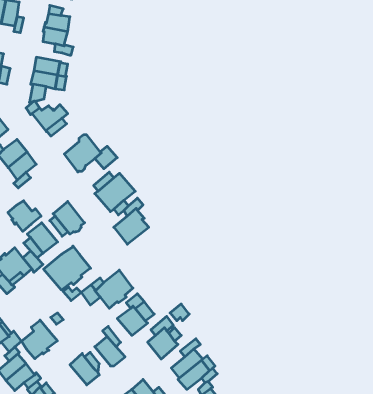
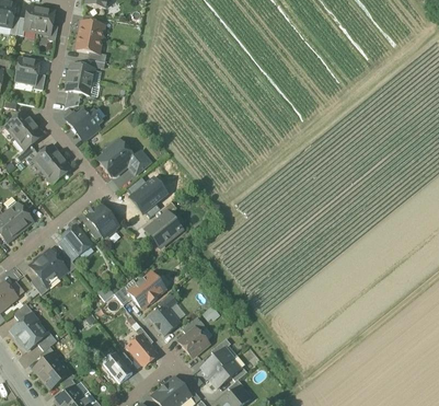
building: [8,201,41,231] -> none
building: [44,246,91,290] -> none
building: [22,320,57,359] -> none

